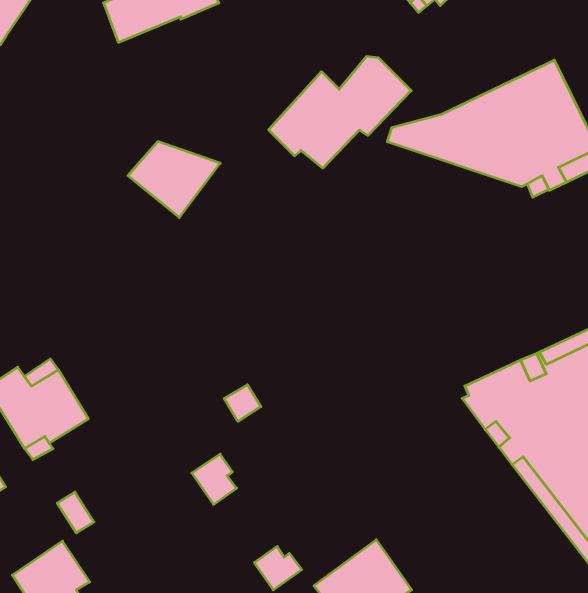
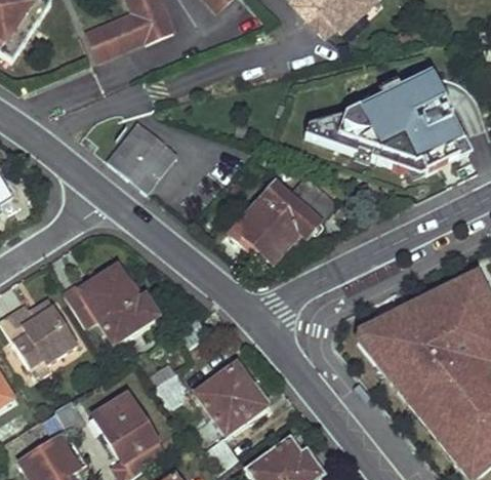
building: [269,57,411,168] -> [230,176,337,261]
building: none -> [64,264,157,339]
building: none -> [198,366,265,432]
building: none -> [87,379,155,459]

